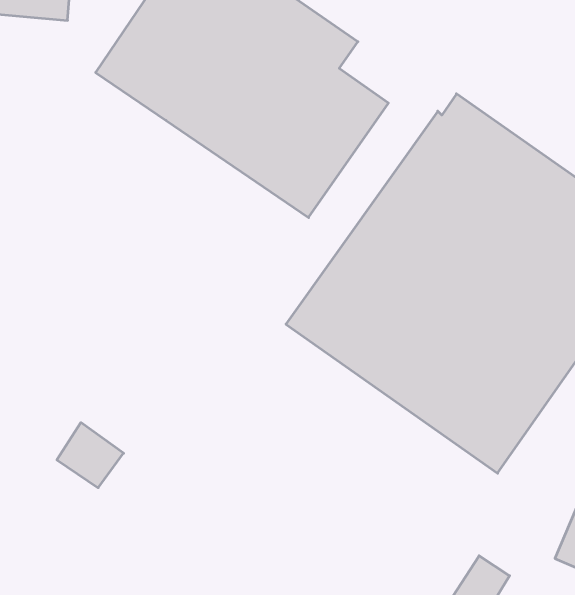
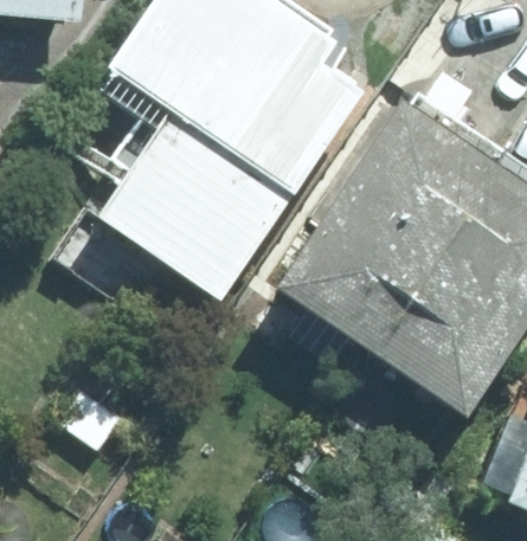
building: none -> [86,115,289,310]

